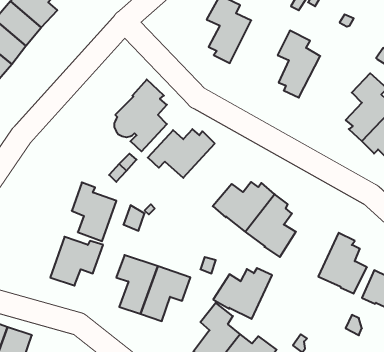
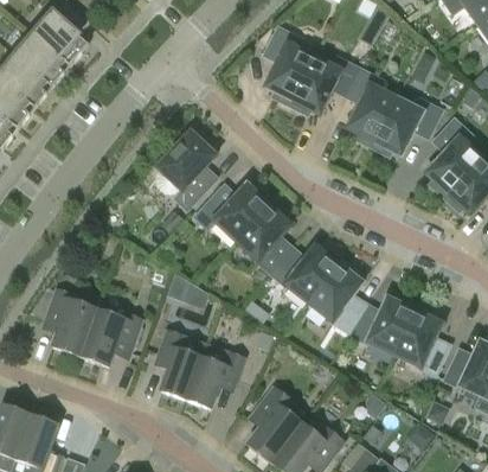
building: none -> [290,57,360,115]
building: none -> [371,98,442,157]
building: none -> [236,200,293,274]
building: [72,182,116,241] -> [45,288,97,357]
building: [213,268,272,319] -> [348,296,417,356]

